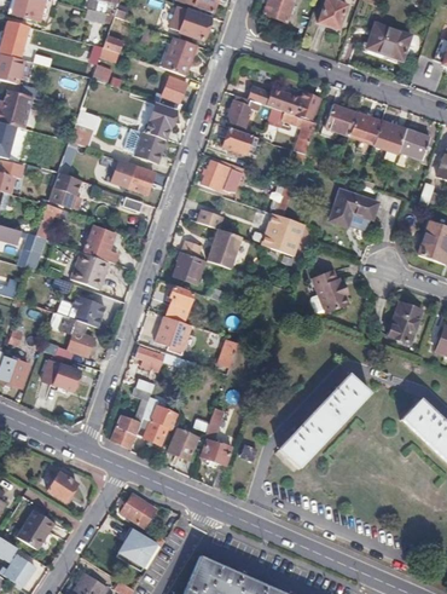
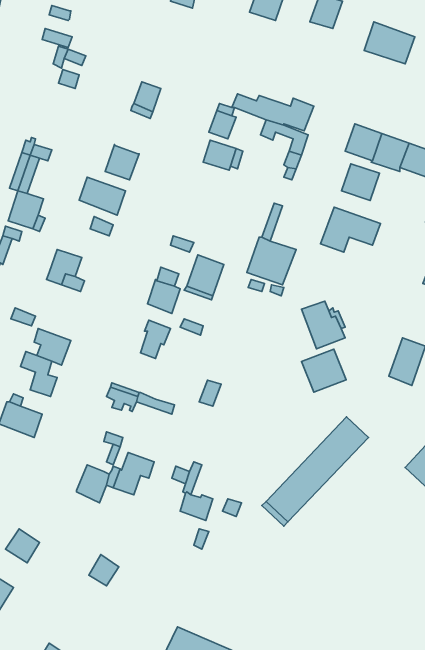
building: [179,8,210,40] -> none
building: [157,34,191,73] -> none
building: [145,103,175,139] -> none
building: [323,104,356,137] -> [341,164,380,200]
building: [202,156,237,191] -> none
building: [71,252,110,288] -> none
building: none -> [302,349,346,392]
building: [155,315,191,353] -> none
building: [167,427,198,459] -> none
building: [116,529,157,572] -> none

